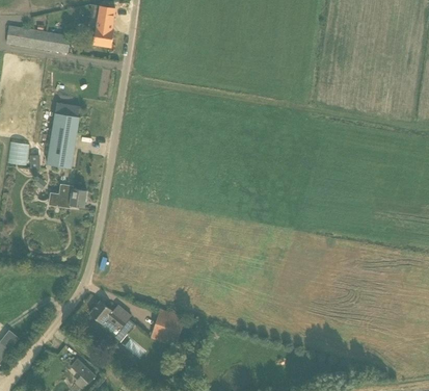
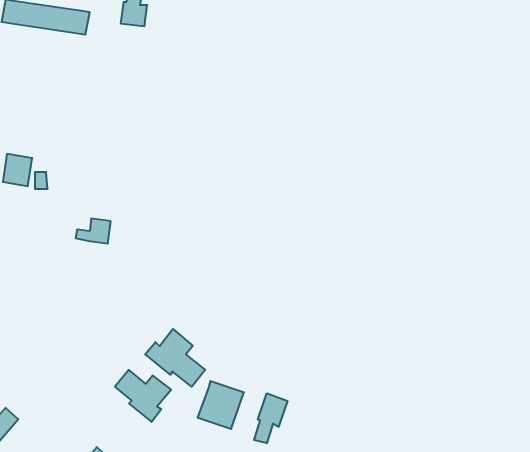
building: [47,112,79,167] -> none
building: none -> [145,329,205,387]
building: none -> [254,393,287,443]

